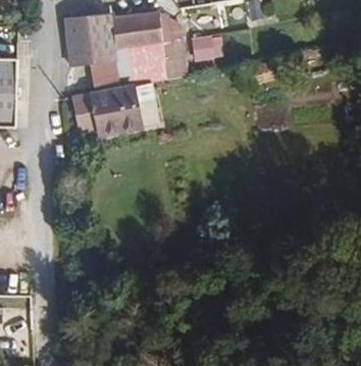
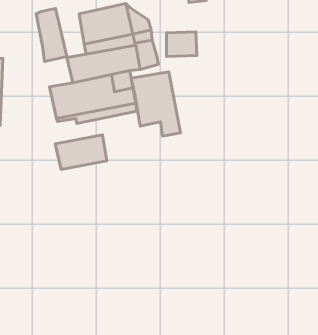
building: [80,9,110,62] -> none
building: none -> [131,72,181,136]
building: none -> [55,135,107,169]

